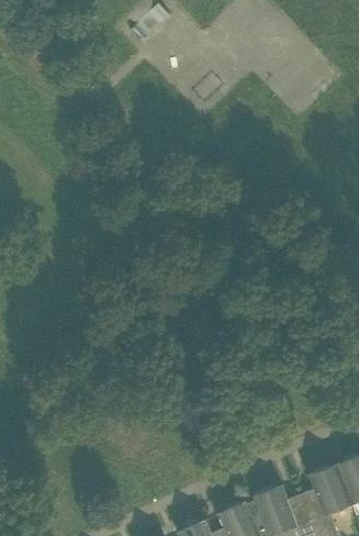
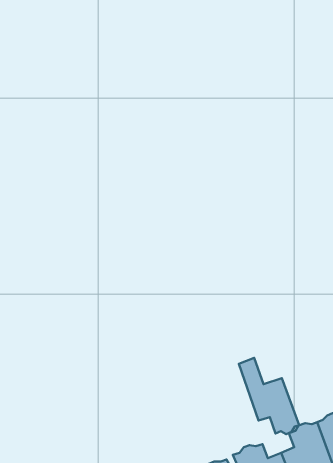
building: none -> [239,358,299,434]

